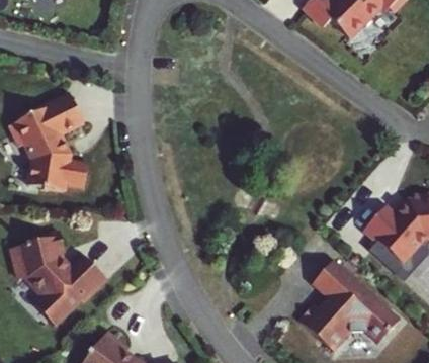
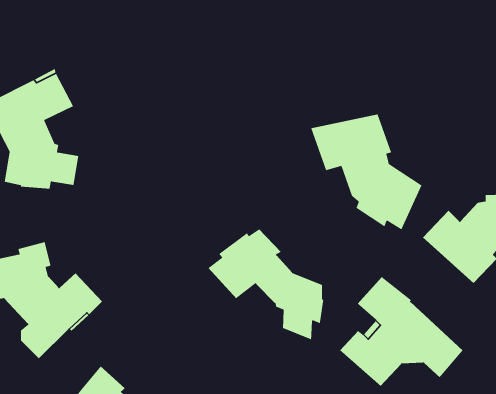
building: none -> [310,114,422,231]
building: none -> [208,229,324,340]

